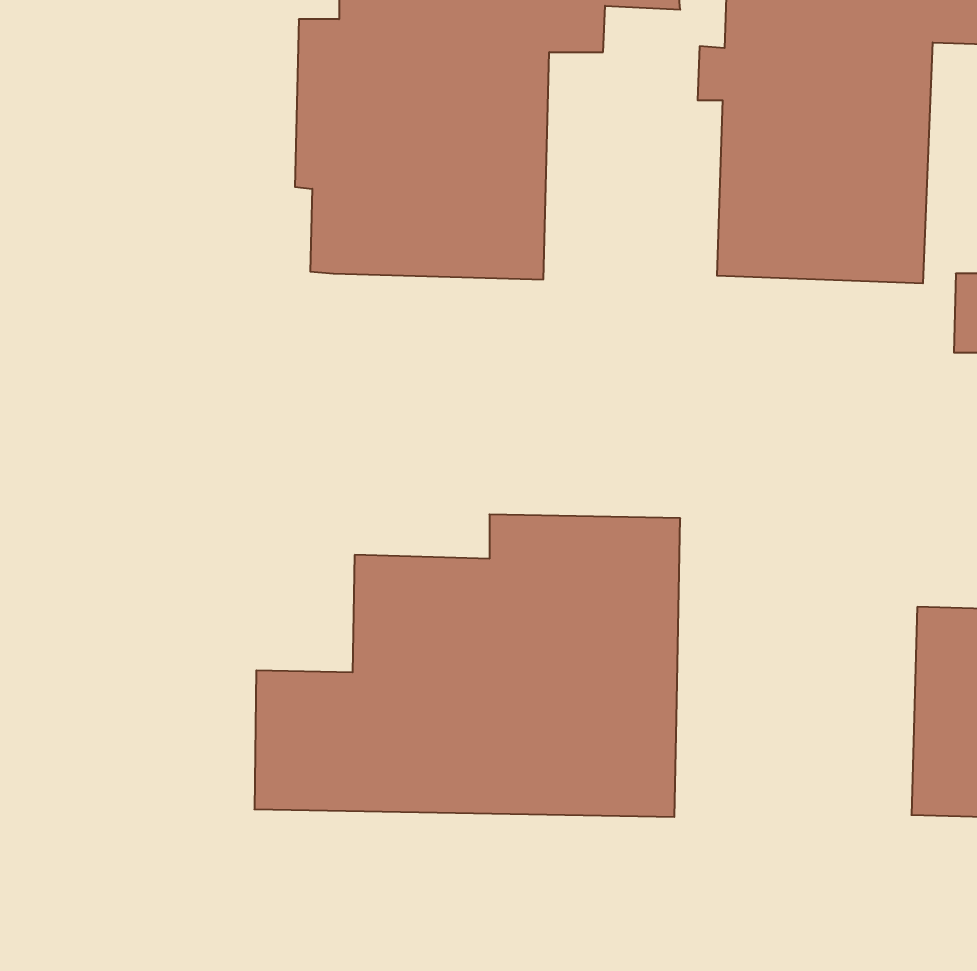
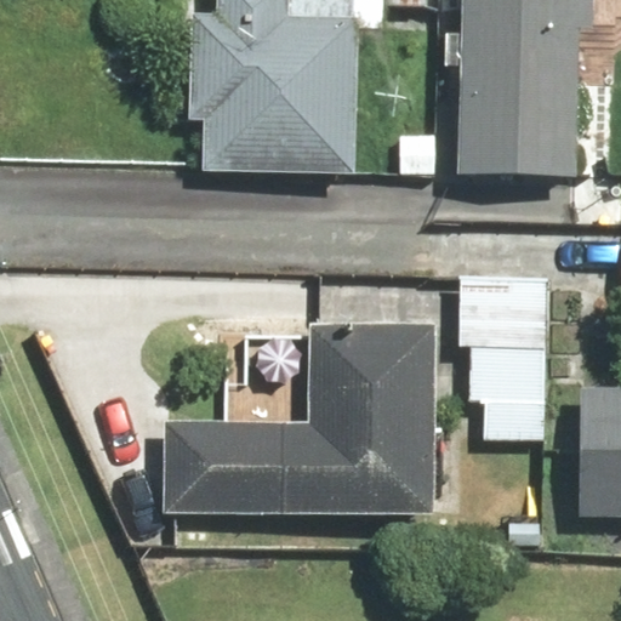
building: none -> [461,272,554,439]

